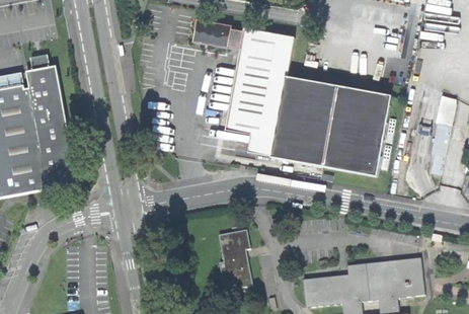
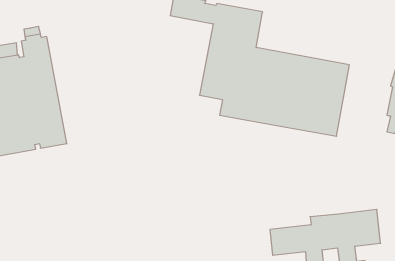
building: [219,229,252,290] -> none

